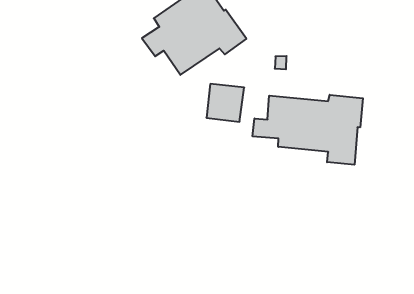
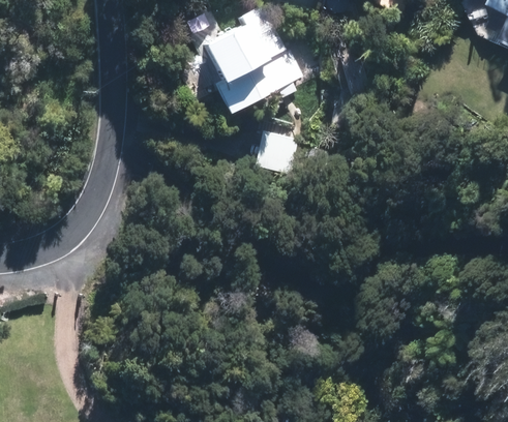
building: [253,95,363,165] -> none

